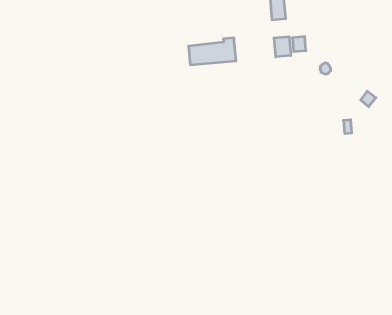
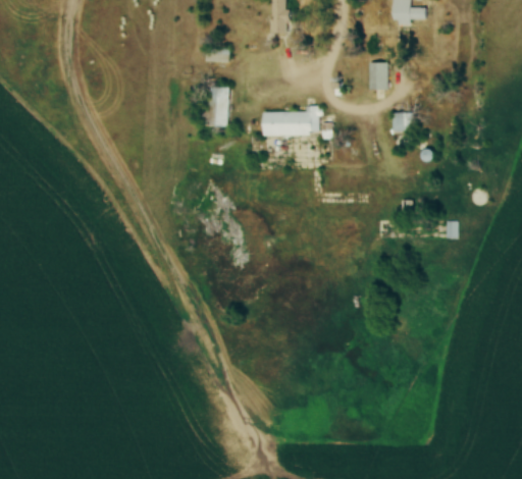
building: none -> [206,87,228,127]
building: [274,37,291,57] -> none

